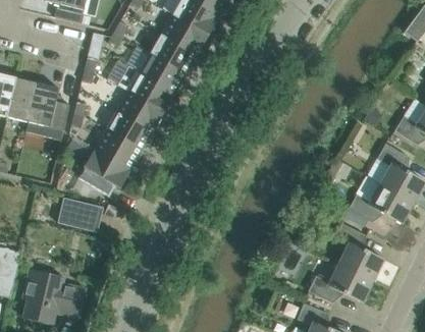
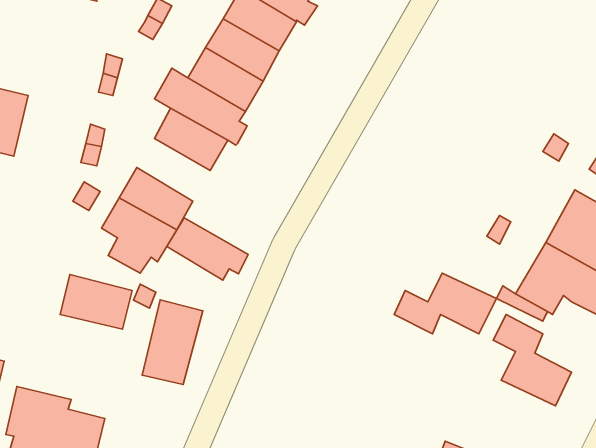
building: [25,82,69,140] -> none
building: [106,110,158,150] -> [167,218,248,280]
building: none -> [142,300,203,385]
building: [308,264,373,302] -> [394,273,496,334]

